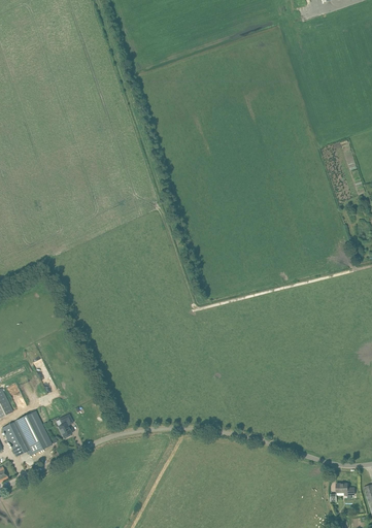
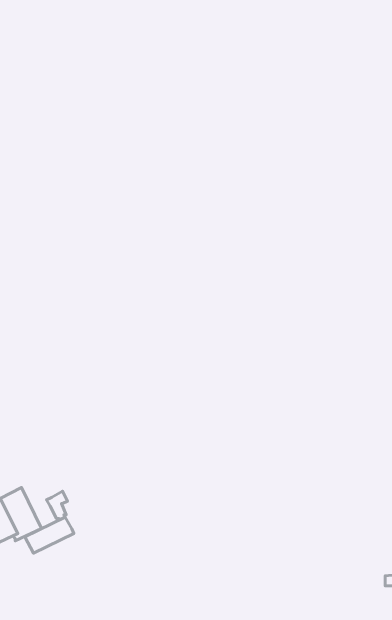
building: none -> [25,517,74,553]

